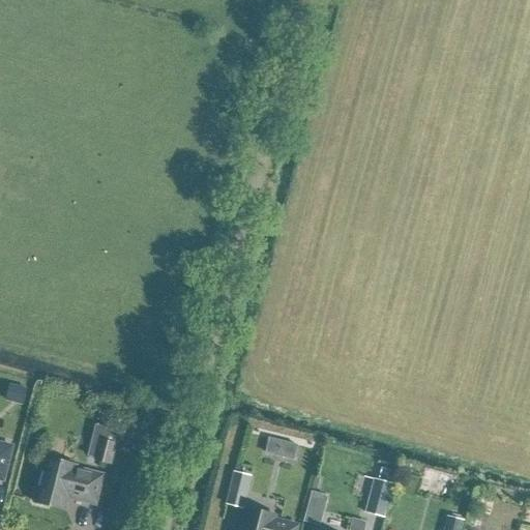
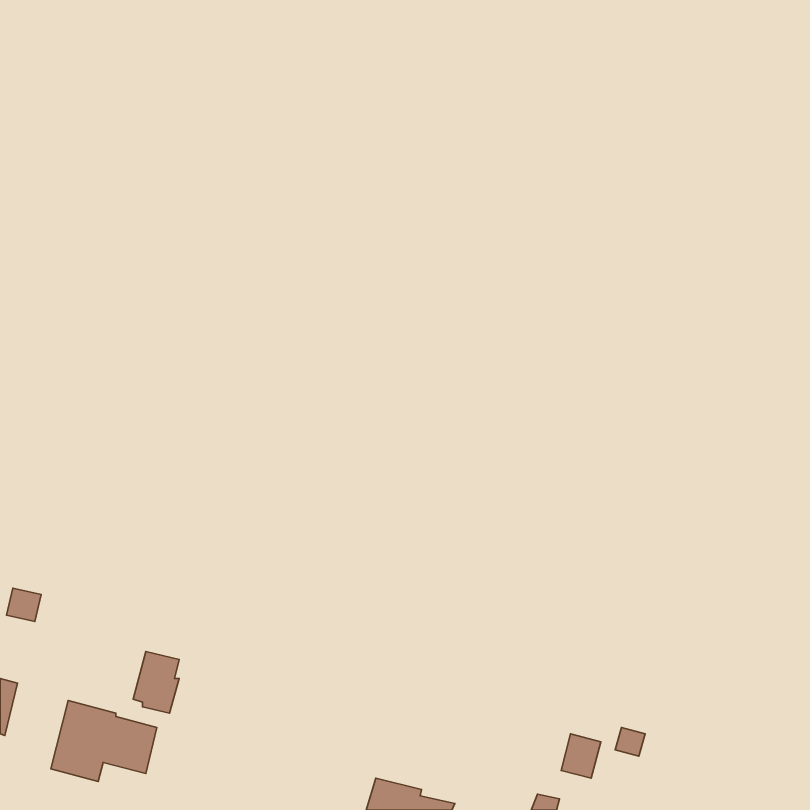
building: [267,436,300,459] -> none
building: [225,472,251,508] -> none
building: [306,488,331,523] -> none

